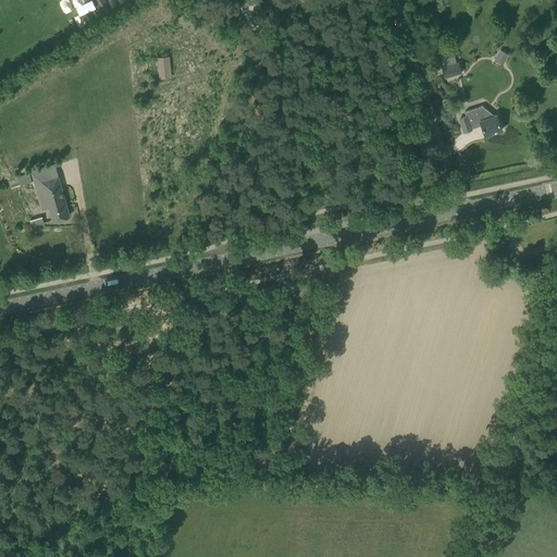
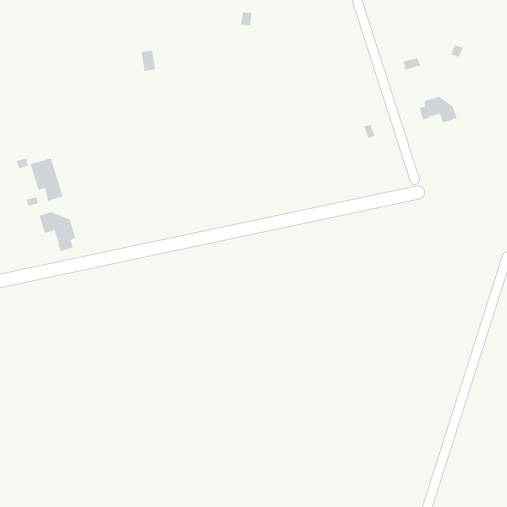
building: none -> [39,211,76,252]

